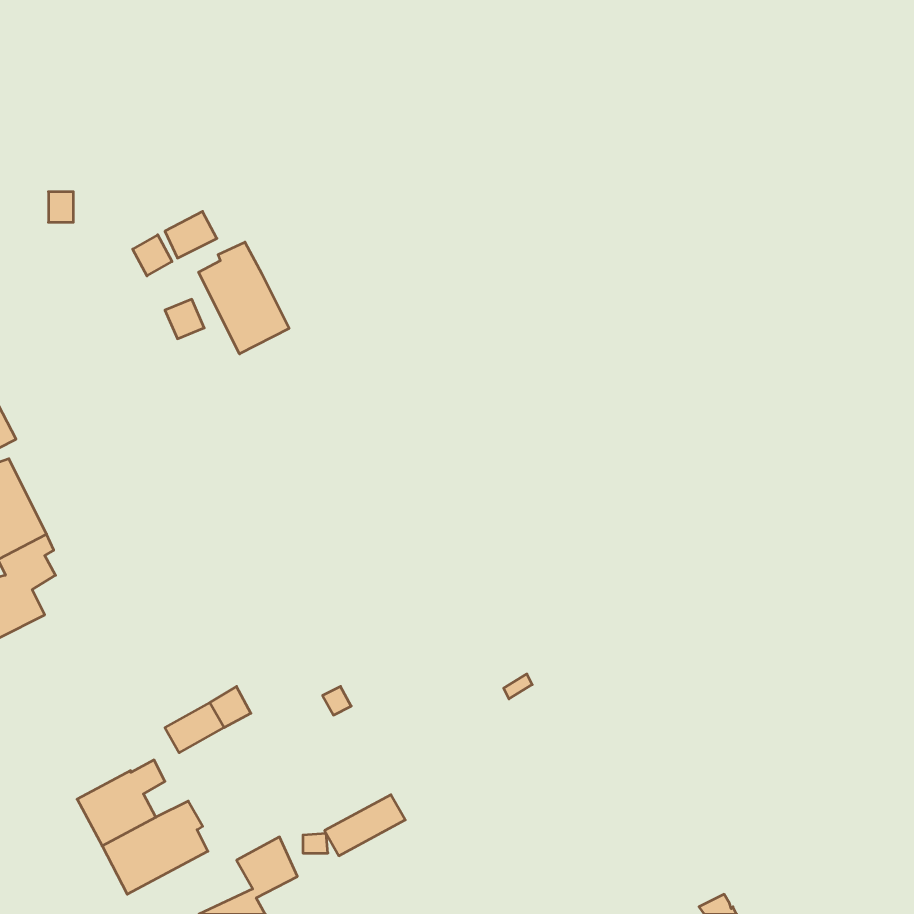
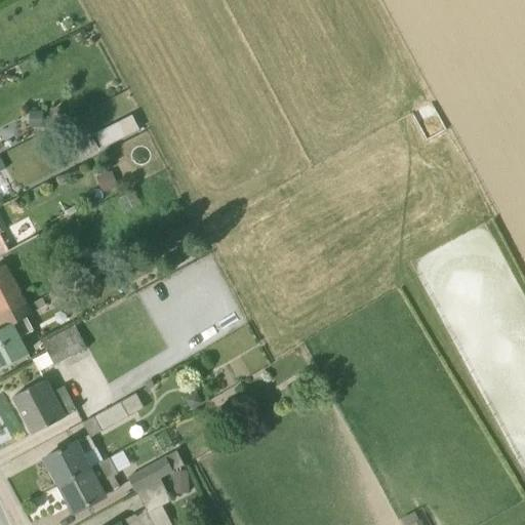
building: [199,242,289,354] -> none
building: none -> [42,326,86,365]
building: none -> [12,380,75,434]
building: [325,795,405,856] -> [127,457,173,492]

